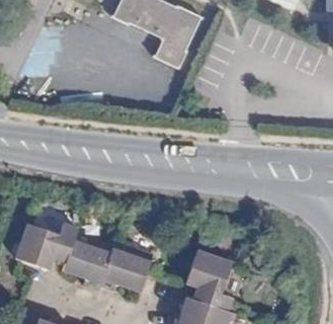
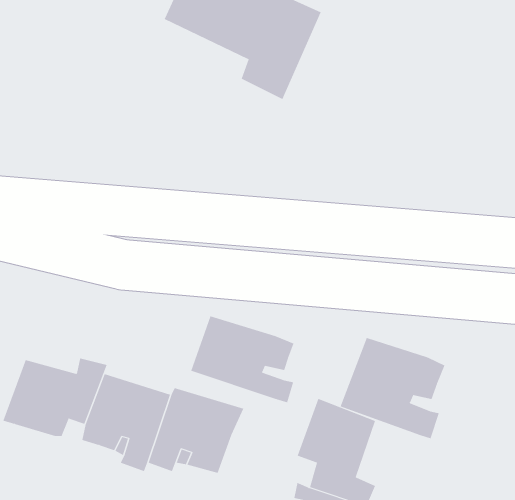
building: none -> [190,316,294,403]
building: none -> [340,337,445,439]

